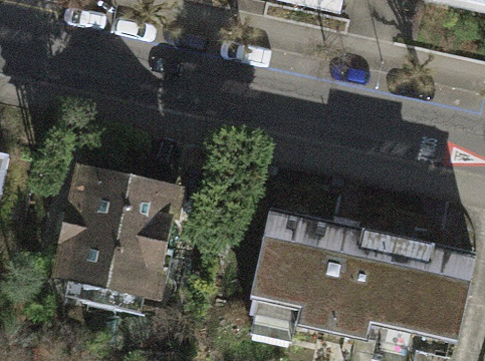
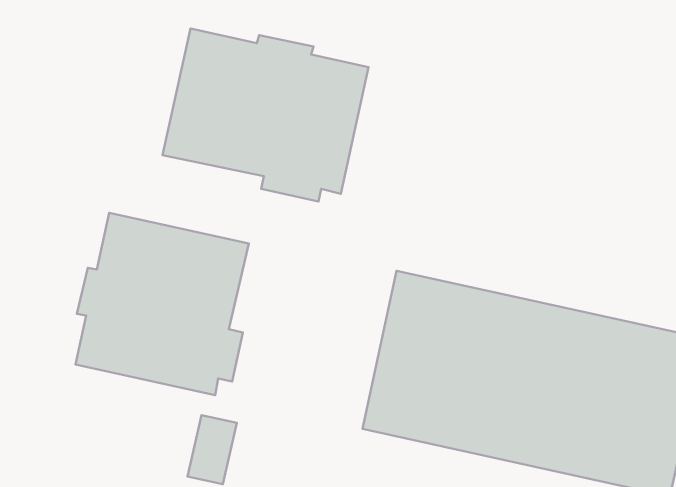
building: none -> [163,28,369,201]

